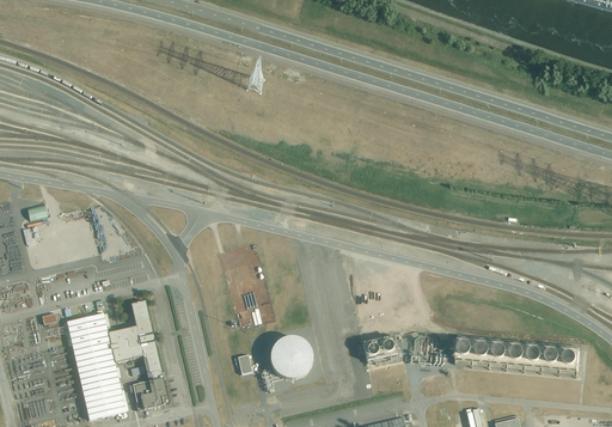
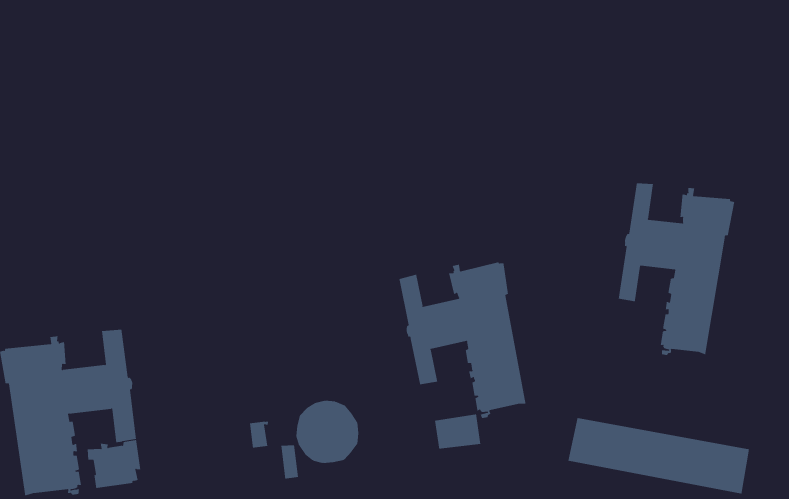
building: none -> [618,182,735,356]
building: none -> [399,261,526,419]

